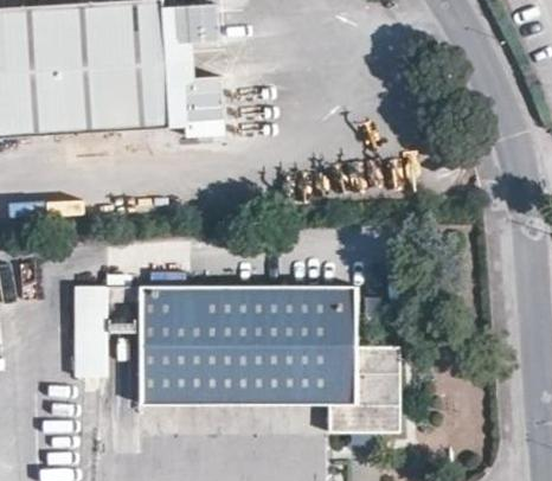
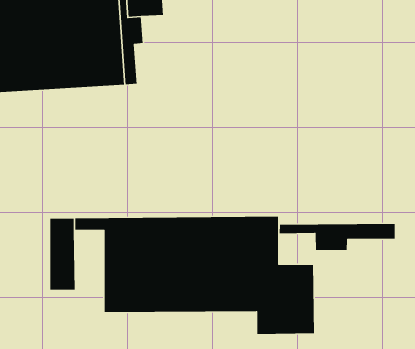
building: [179,73,220,134] -> none
building: none -> [279,223,395,251]

